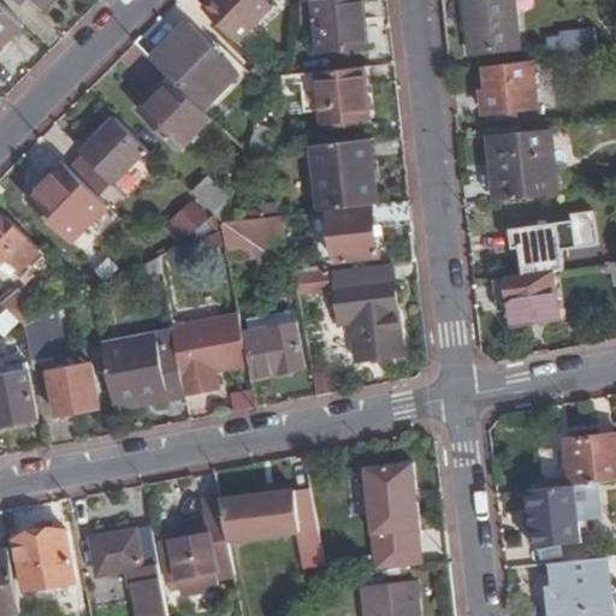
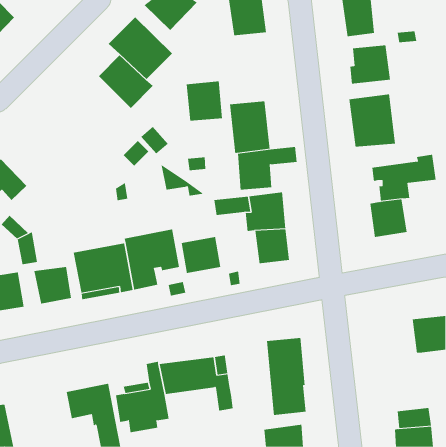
building: [316,67,367,123] -> [186,81,223,121]
building: [78,116,147,183] -> none
building: [25,164,103,242] -> none
building: [521,485,582,546] -> none
building: [12,532,71,591] -> none

